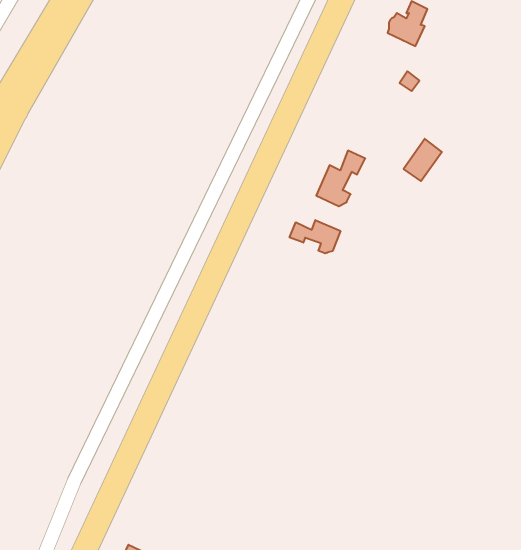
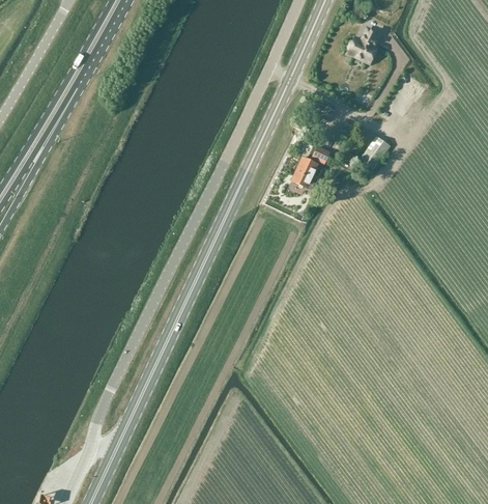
building: [290,220,340,253] -> none

